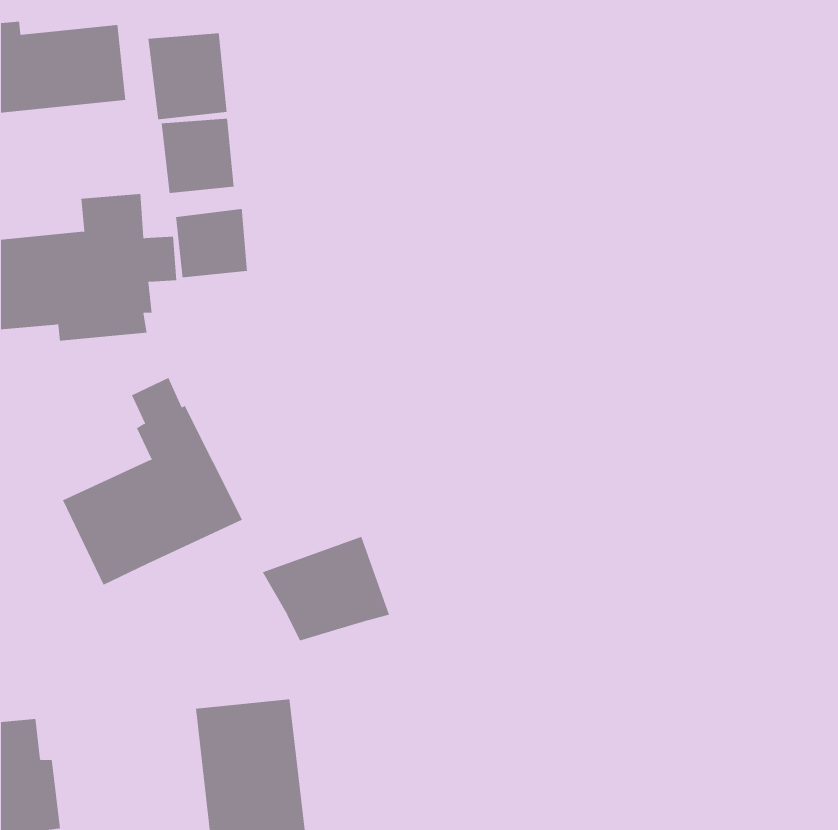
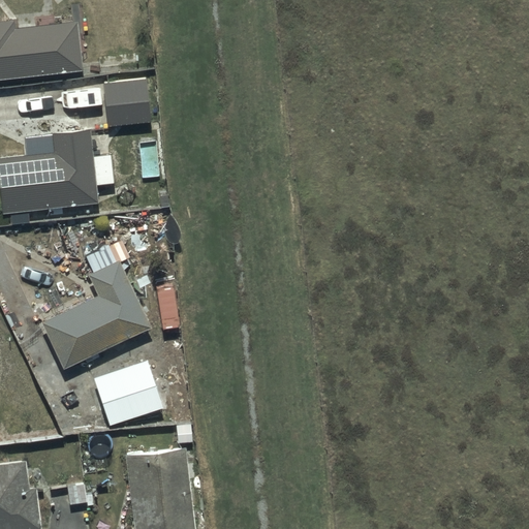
building: [148,32,227,120] -> none
building: [176,208,248,278] -> none
building: [262,536,390,641] -> [86,365,166,431]

